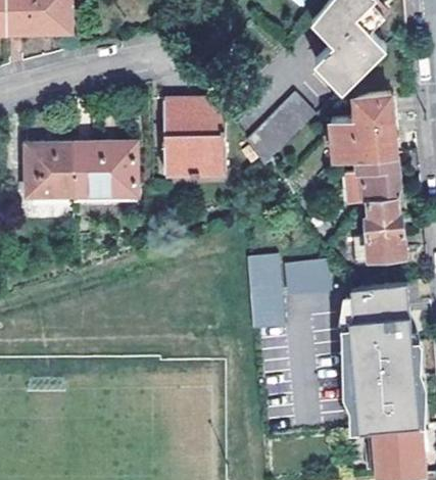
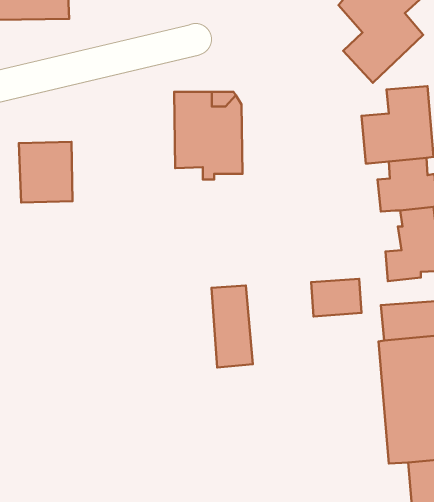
building: [247,94,314,164] -> none
building: [71,142,136,196] -> none
building: [247,257,284,331] -> [212,285,253,368]

